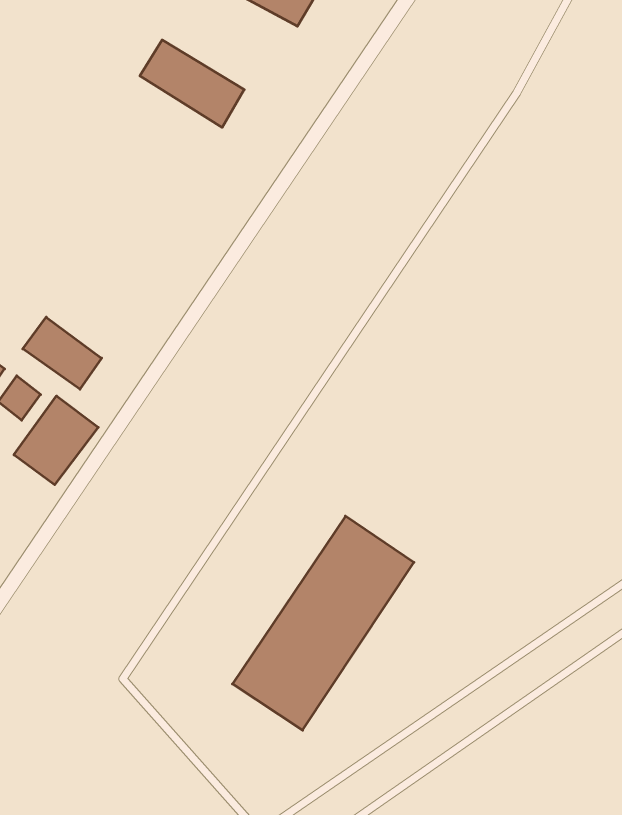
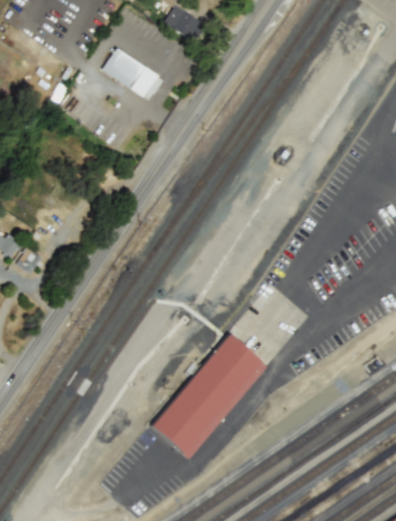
building: [23,317,102,389] -> none
building: [14,396,98,485] -> none

